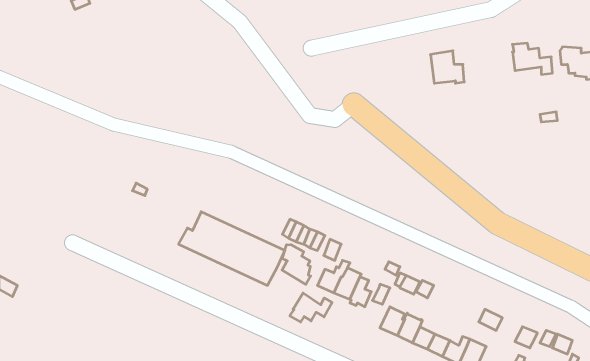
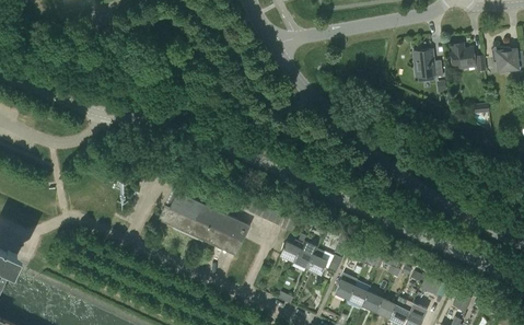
building: [430,51,464,83] -> [412,49,442,78]
building: [282,245,311,284] -> none
building: [290,293,332,322] -> none

